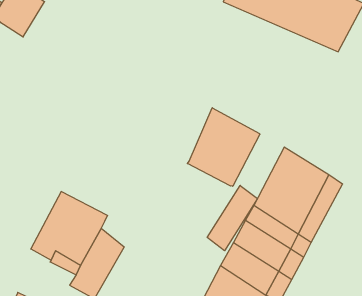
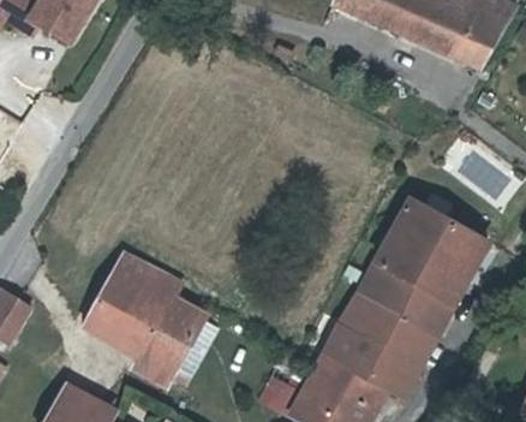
building: [187,108,260,186] -> none
building: [207,185,257,251] -> none

